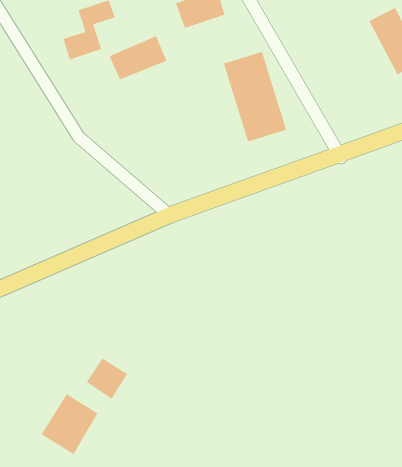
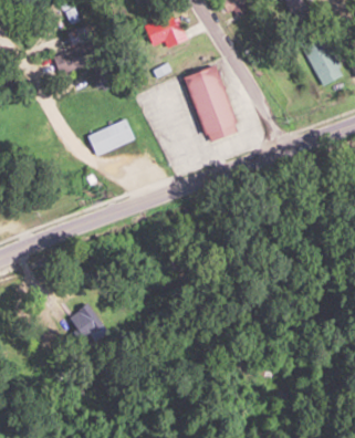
building: [108,35,167,80] -> [86,118,134,155]
building: [40,393,98,455] -> none

